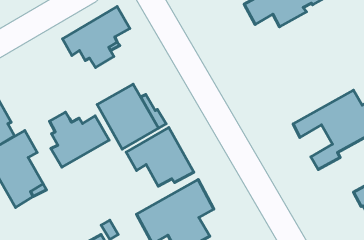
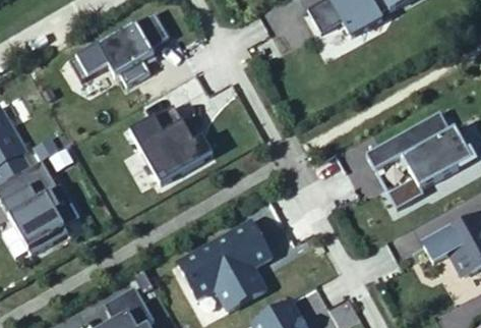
building: [49,112,109,167] -> none
building: [126,128,194,186] -> none

